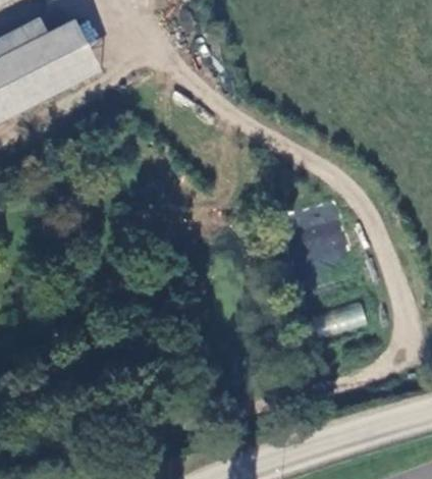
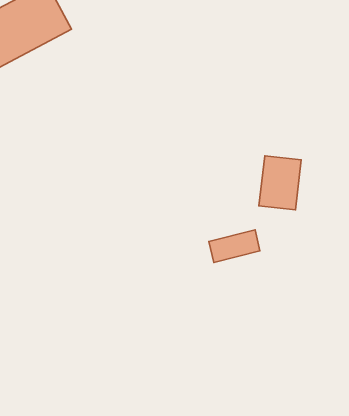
building: [312,301,366,335] -> [209,230,260,263]

